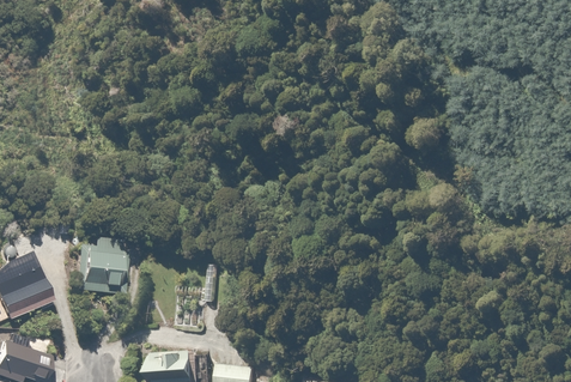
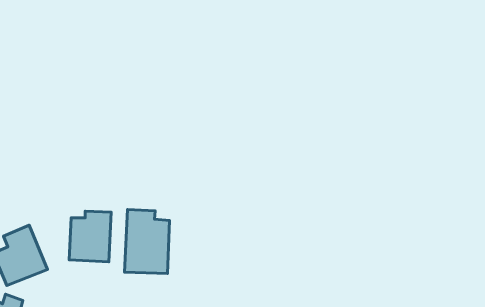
building: none -> [125,210,170,273]

